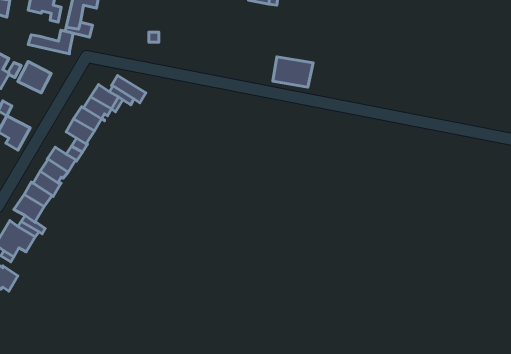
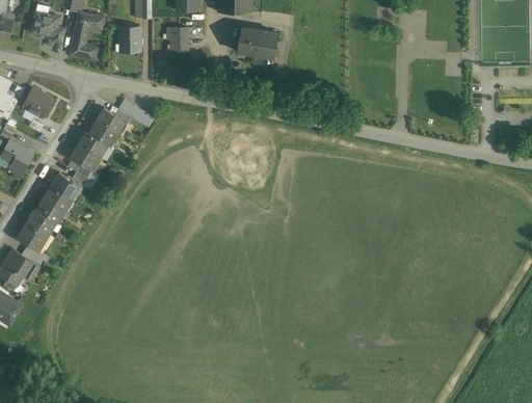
building: none -> [119,27,140,53]
building: none -> [166,28,188,52]
building: [28,30,73,54] -> none
building: [273,57,313,87] -> [237,27,278,58]

